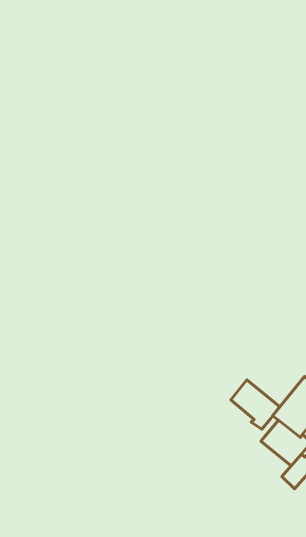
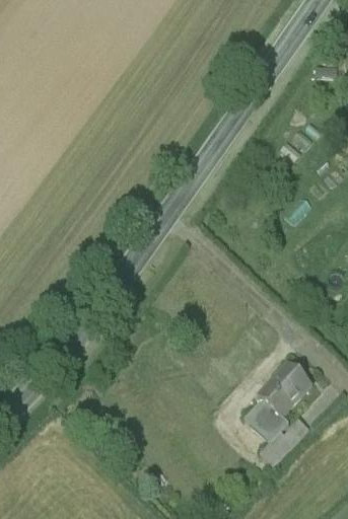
building: [231,380,279,429] -> none

